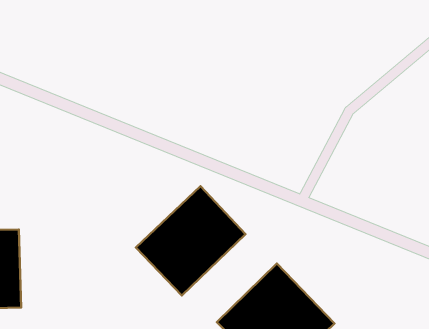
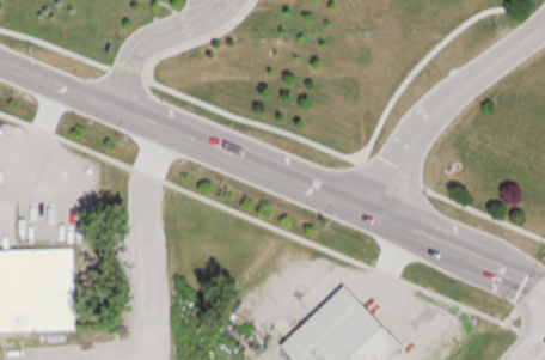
building: [136,186,246,296] -> none

